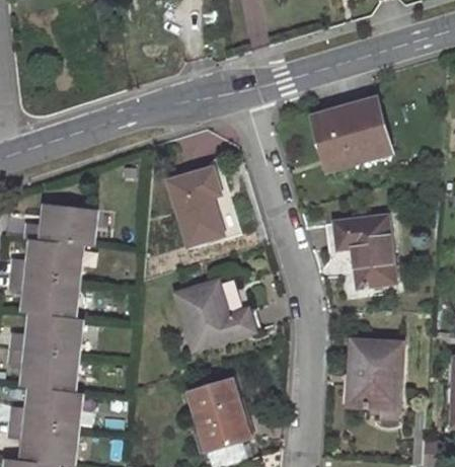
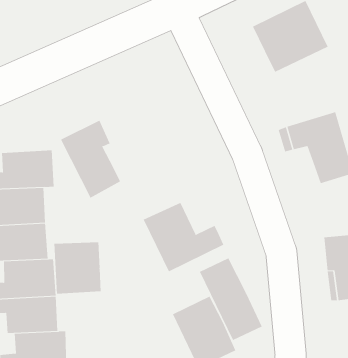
building: [169,167,223,244] -> [60,120,121,198]
building: none -> [54,242,101,294]
building: none -> [199,258,262,341]

